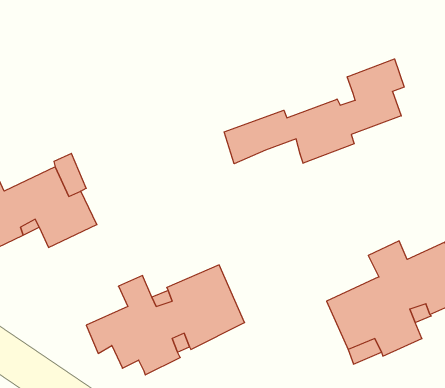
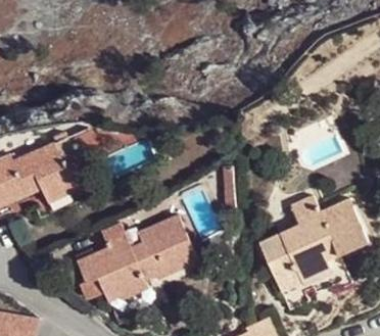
building: [224,59,404,164] -> none

